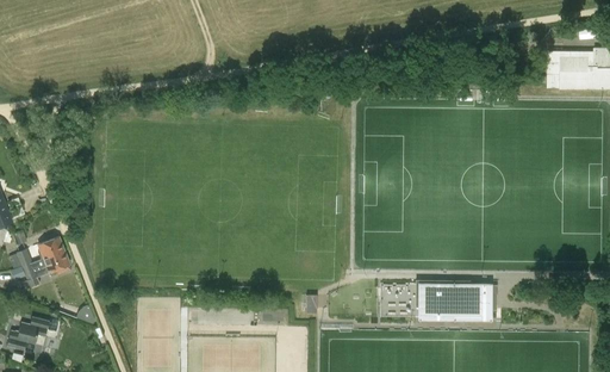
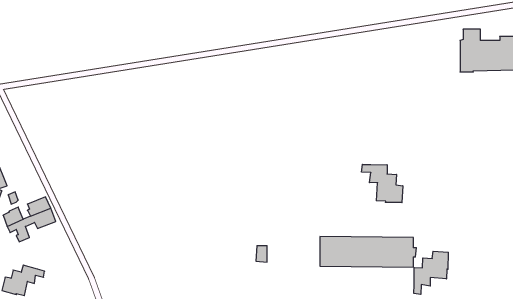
building: none -> [362,164,403,203]
building: none -> [414,251,448,294]

